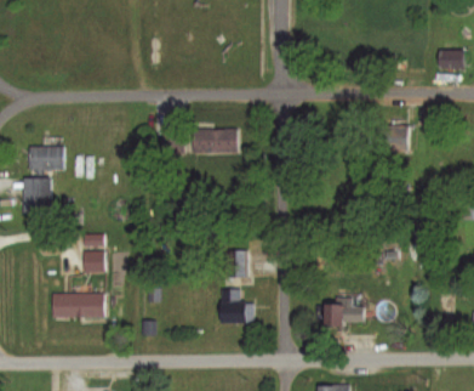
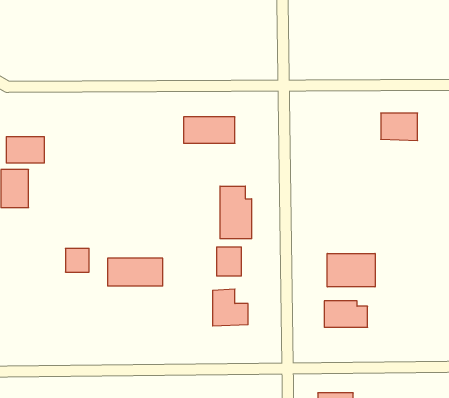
building: none -> [220,186,252,239]
building: none -> [327,253,375,287]
building: [53,293,104,318] -> [108,258,163,286]

